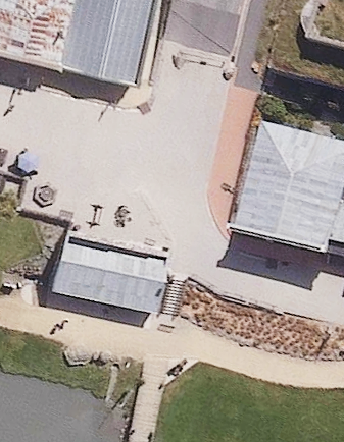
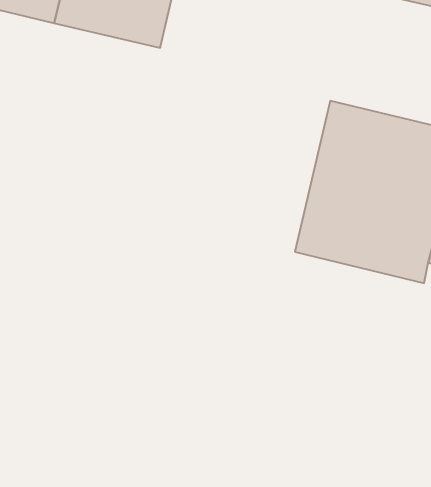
building: [55,236,170,318] -> none

